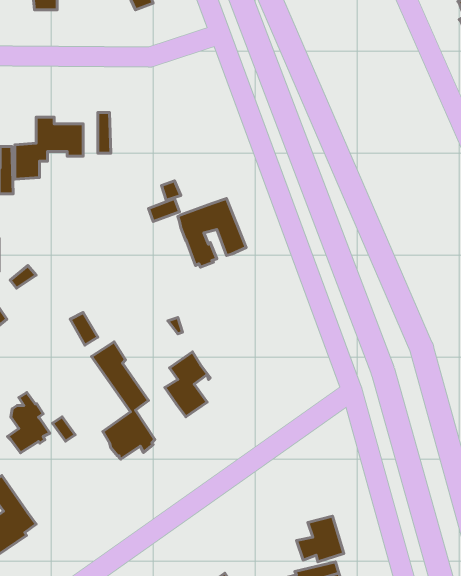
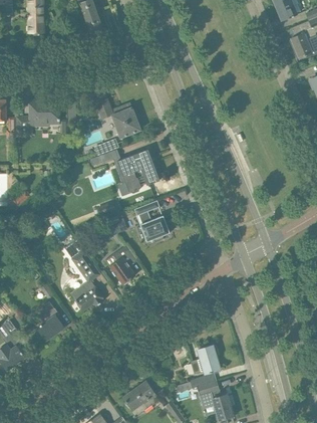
building: none -> [95,98,139,138]
building: none -> [133,200,169,242]
building: [7,393,50,453] -> [36,301,62,339]

